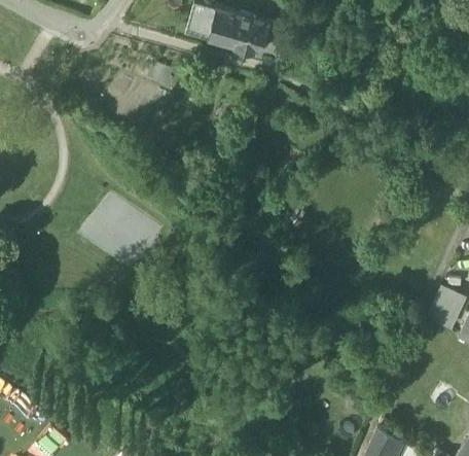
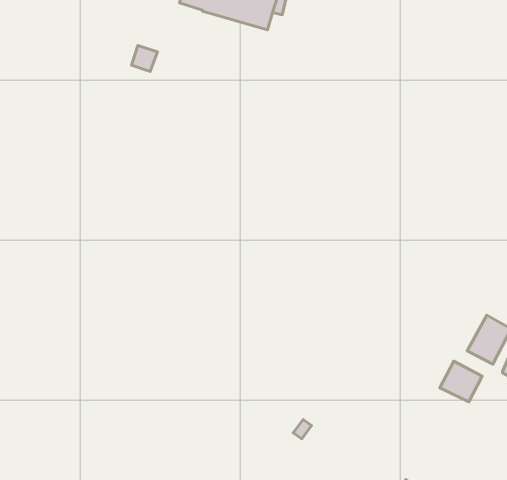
building: none -> [440,361,482,402]

